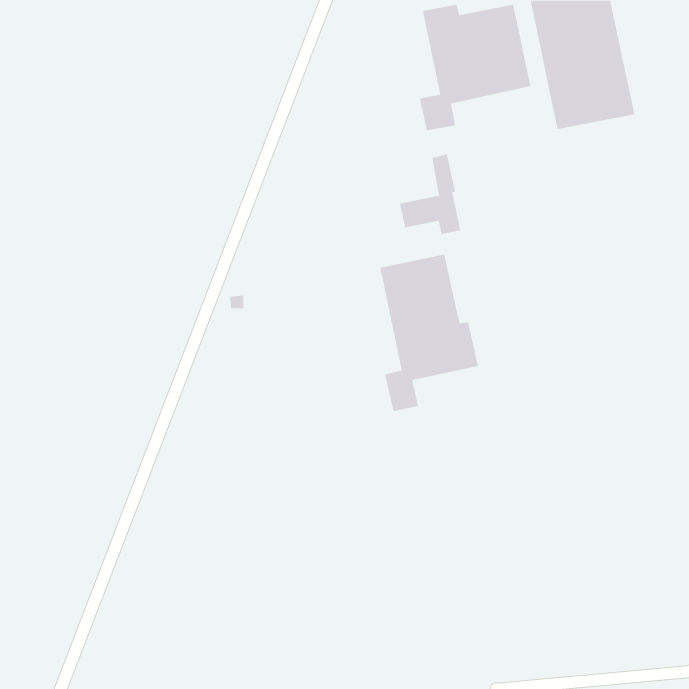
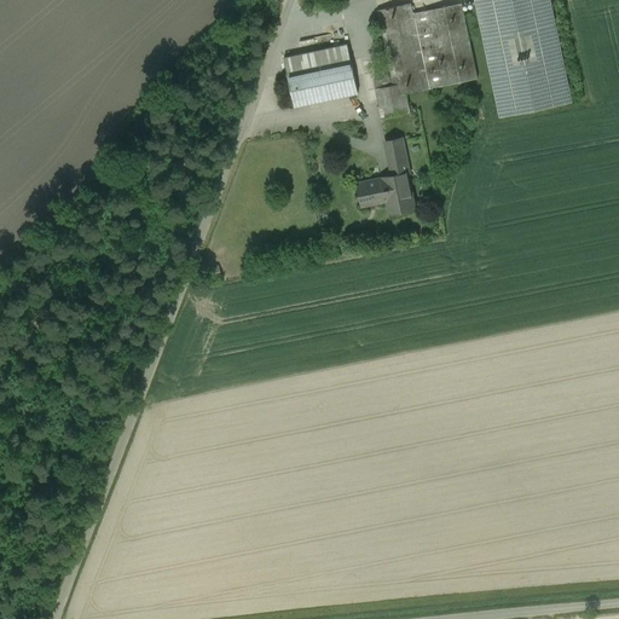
building: none -> [284,44,358,106]
building: [380,254,478,412] -> none

